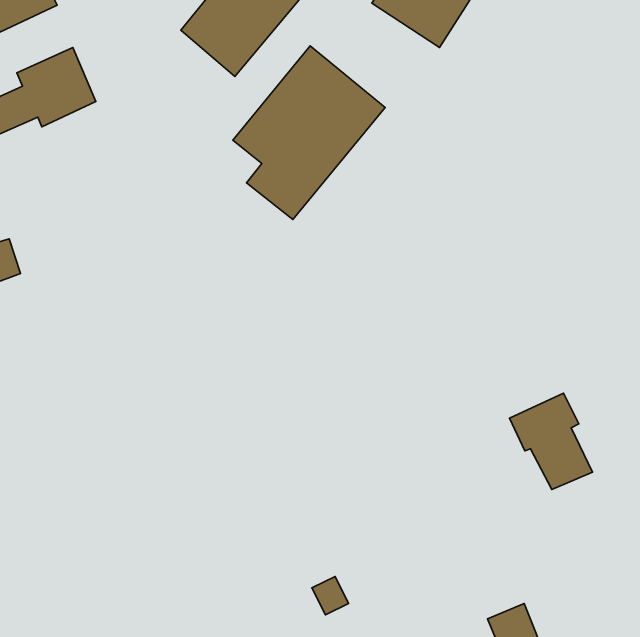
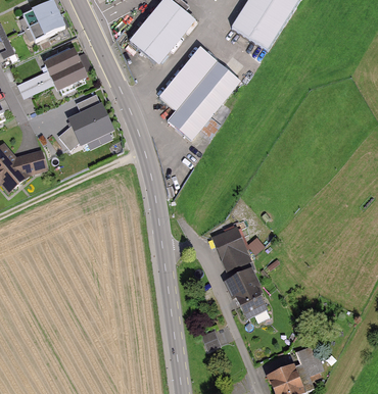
building: none -> [57,94,112,149]
building: none -> [212,226,250,268]
building: [509,393,592,490] -> [224,266,268,317]

